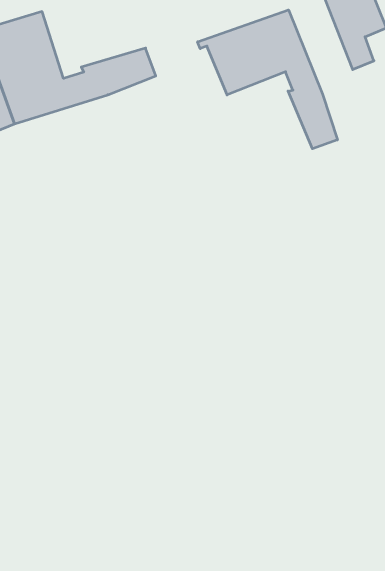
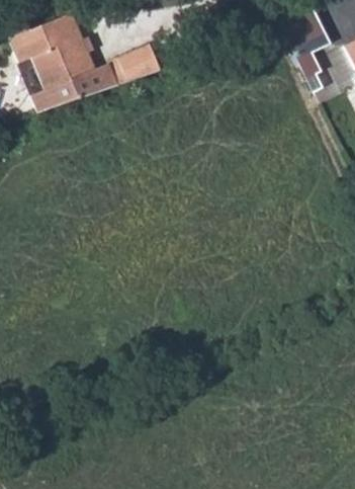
building: [198,10,337,149] -> none

